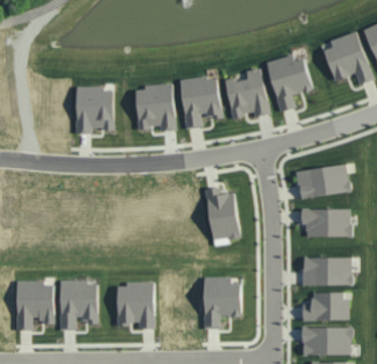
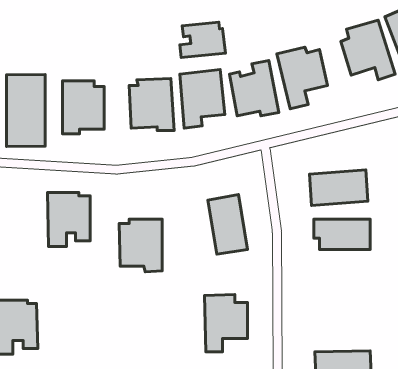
building: none -> [180,22,225,58]
building: none -> [6,75,45,146]
building: [303,257,352,286] -> none
building: [59,281,98,329] -> [47,192,90,246]
building: [116,282,154,329] -> [119,219,162,272]
building: [303,293,348,321] -> none

